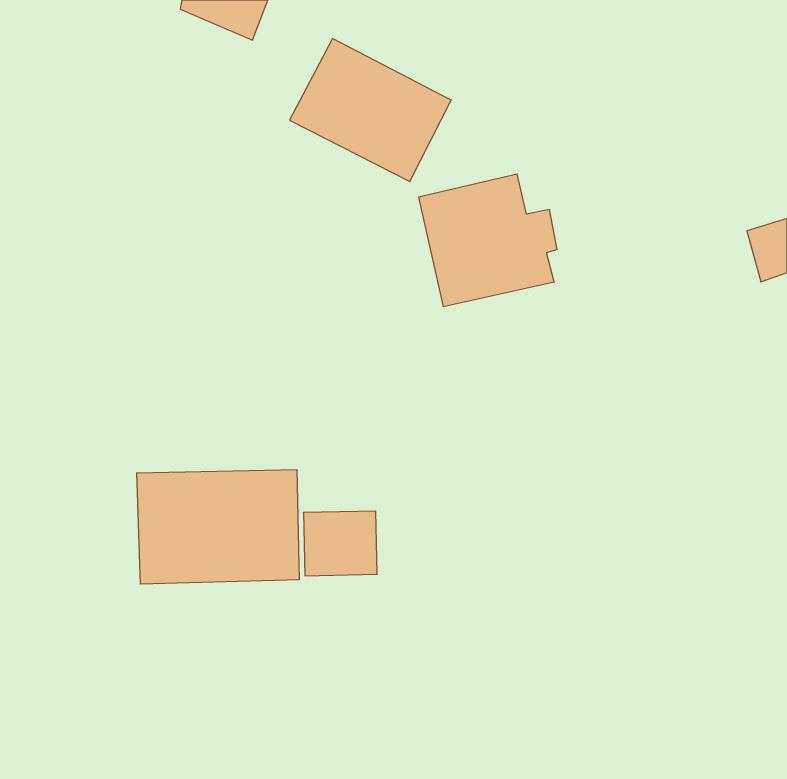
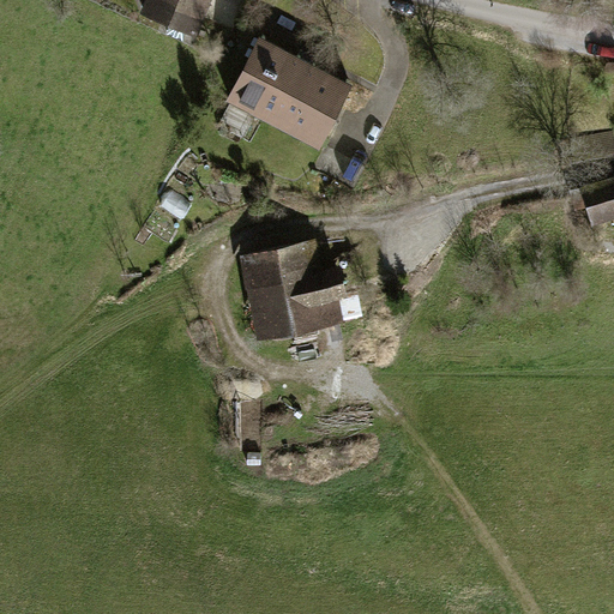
building: [419,174,557,307] -> [239,240,347,343]
building: [137,470,299,584] -> none

